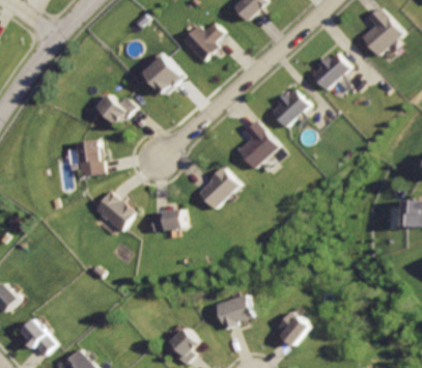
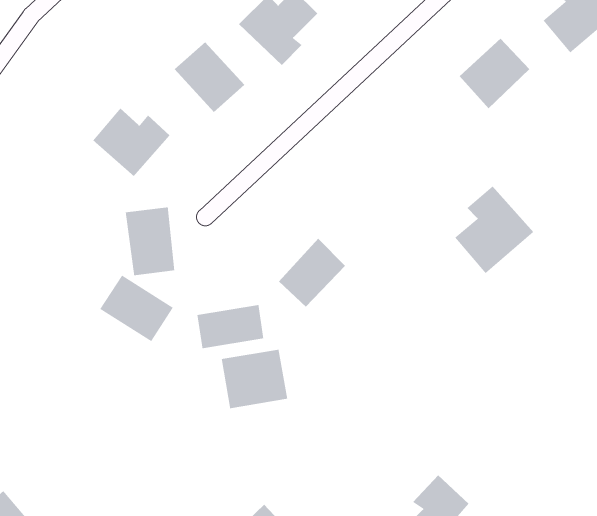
building: [268,88,308,126] -> none
building: [234,117,282,170] -> [454,185,534,274]
building: [74,136,104,177] -> [125,207,175,276]
building: none -> [221,349,288,409]
building: [214,294,253,329] -> none

